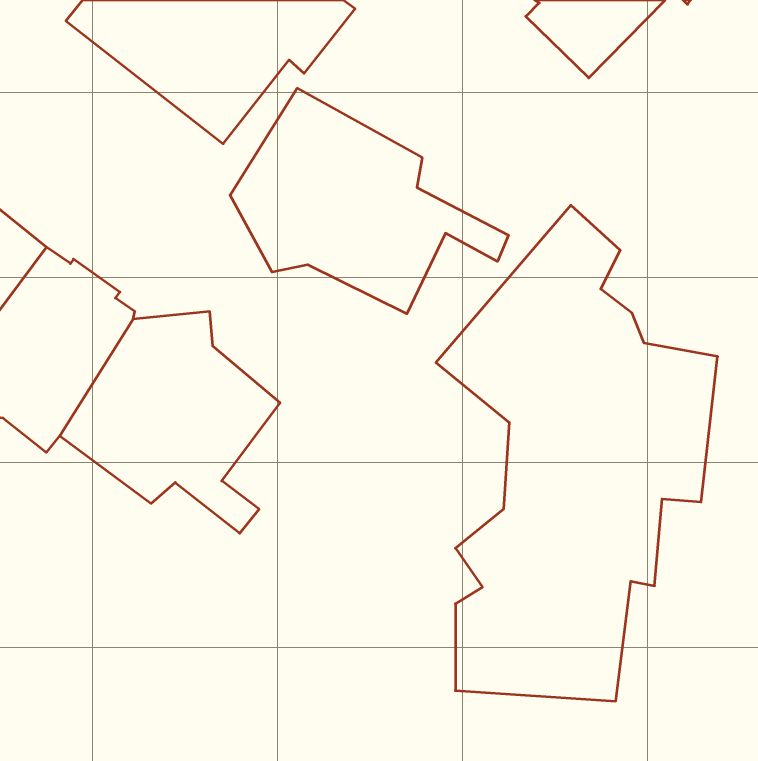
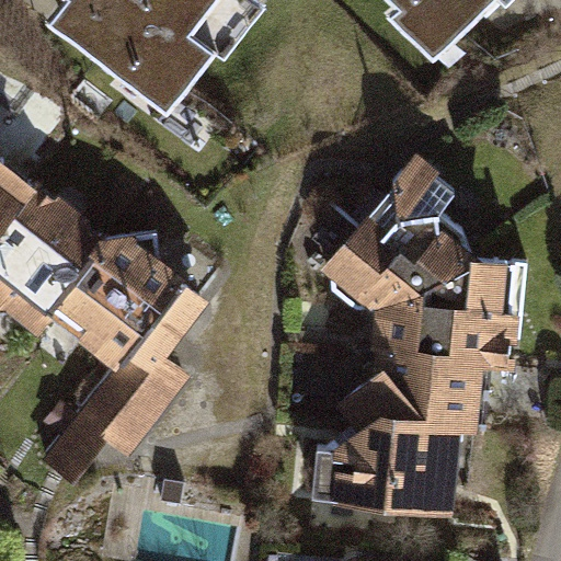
building: [230,88,508,314] -> none
building: none -> [43,356,175,480]

